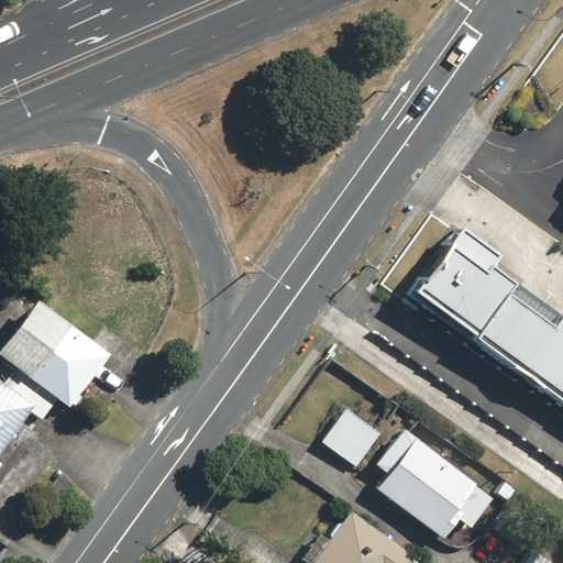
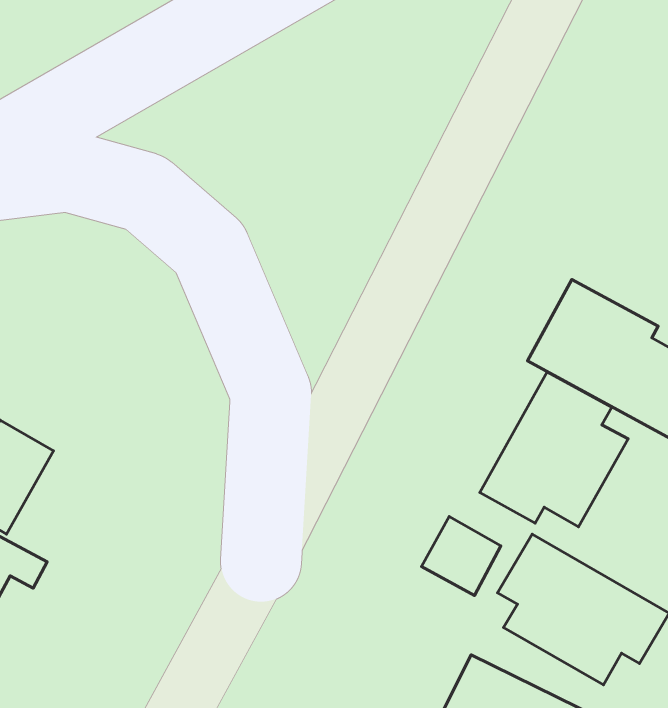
building: none -> [480,372,628,527]
building: [32,325,111,409] -> none

